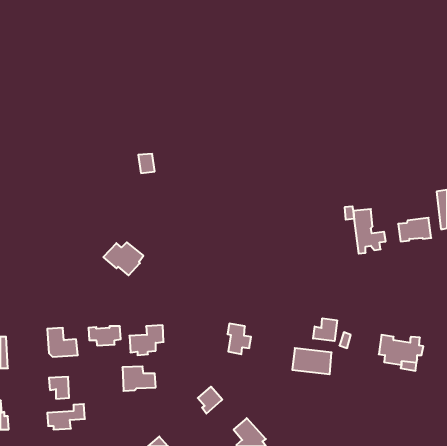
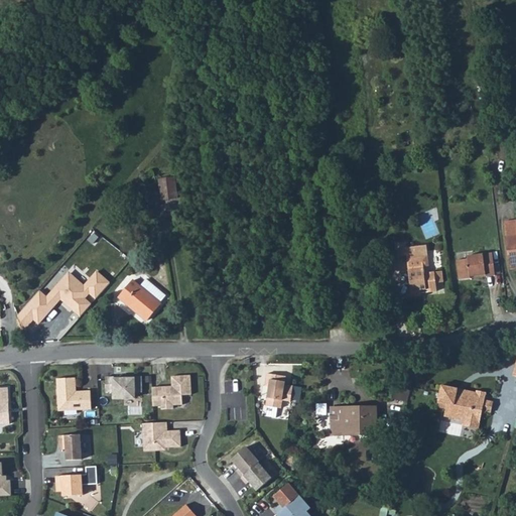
building: none -> [17,269,110,328]
building: [313,318,337,341] -> none
building: none -> [237,462,268,489]

